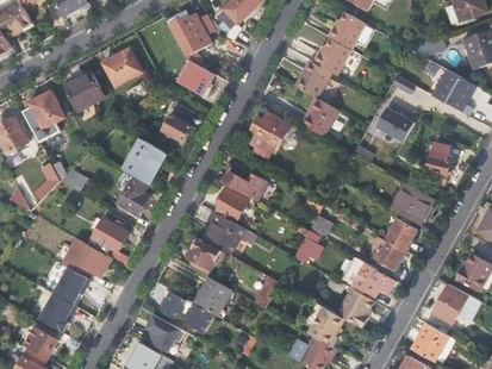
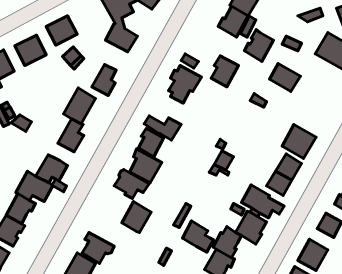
building: [294,58,330,98] -> [244,30,274,62]
building: [428,142,450,183] -> none
building: [161,293,213,332] -> none
building: none -> [183,221,214,252]

